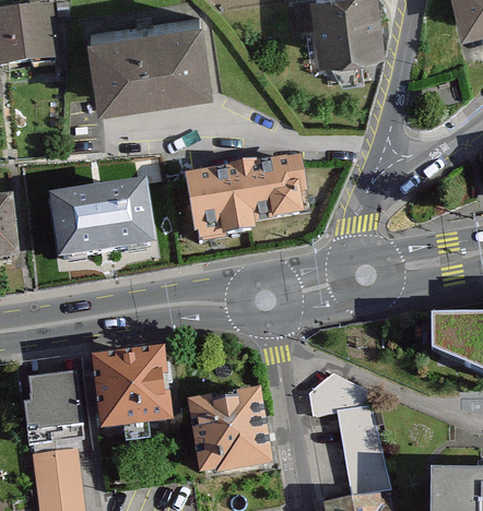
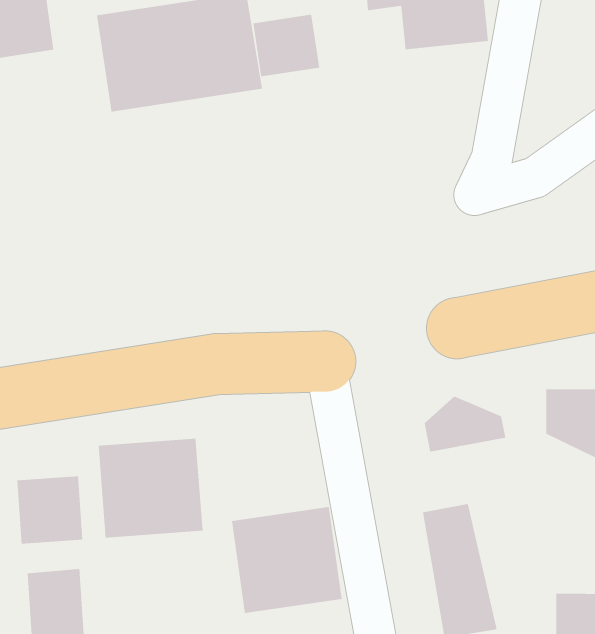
building: none -> [253,14,320,77]
building: [188,157,306,238] -> none
building: [52,189,153,264] -> none
building: [307,368,369,411] -> [424,396,506,452]

